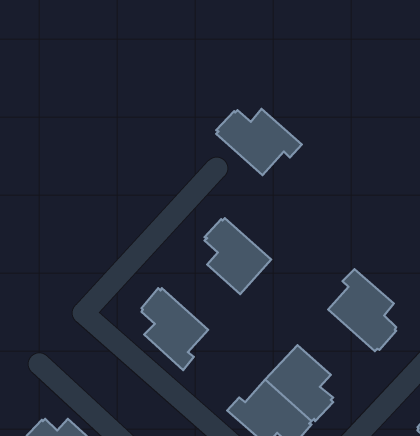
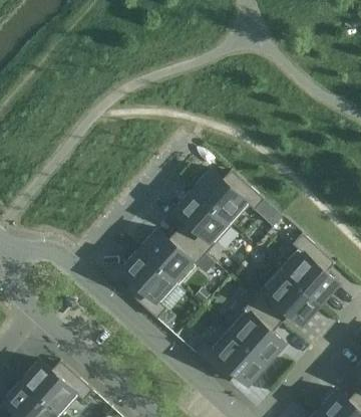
building: [216,109,302,175] -> [191,171,263,227]
building: none -> [137,231,204,286]
building: none -> [252,269,317,325]

